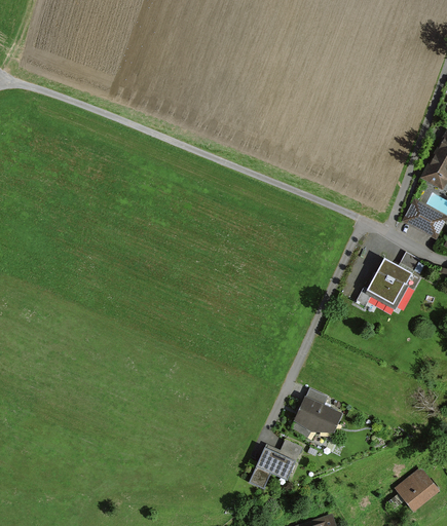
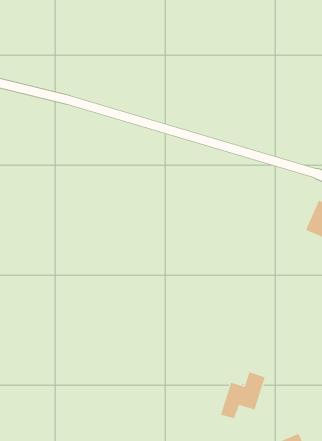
building: [302,401,343,435] -> none

